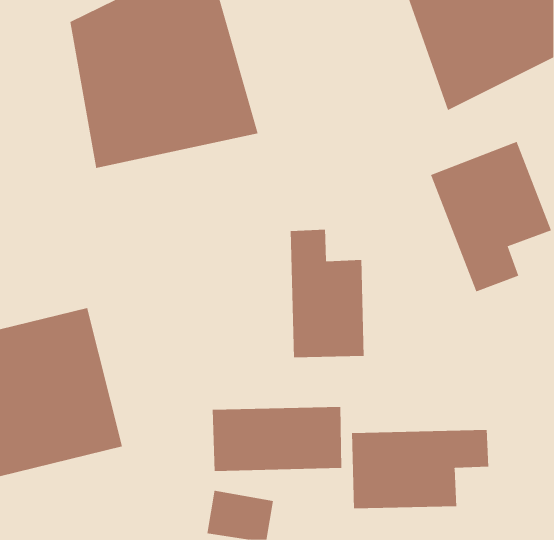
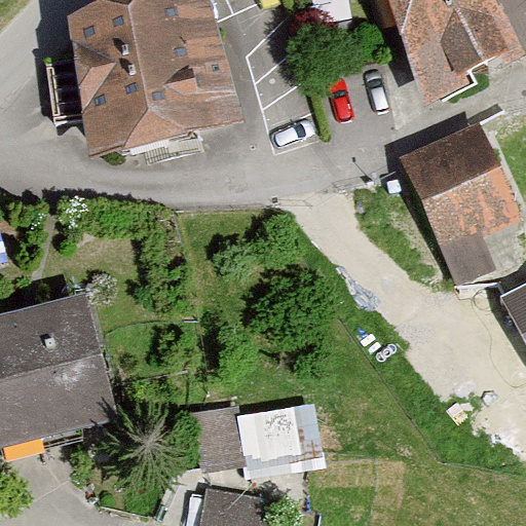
building: [290,229,364,358] -> none
building: [351,429,489,509] -> none

